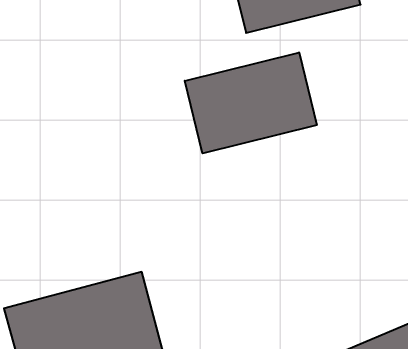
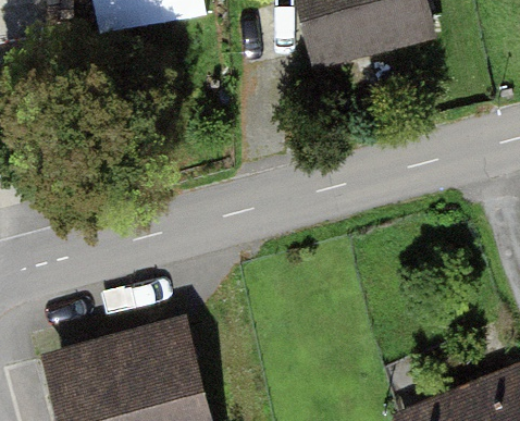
building: [185,52,317,153] -> none

